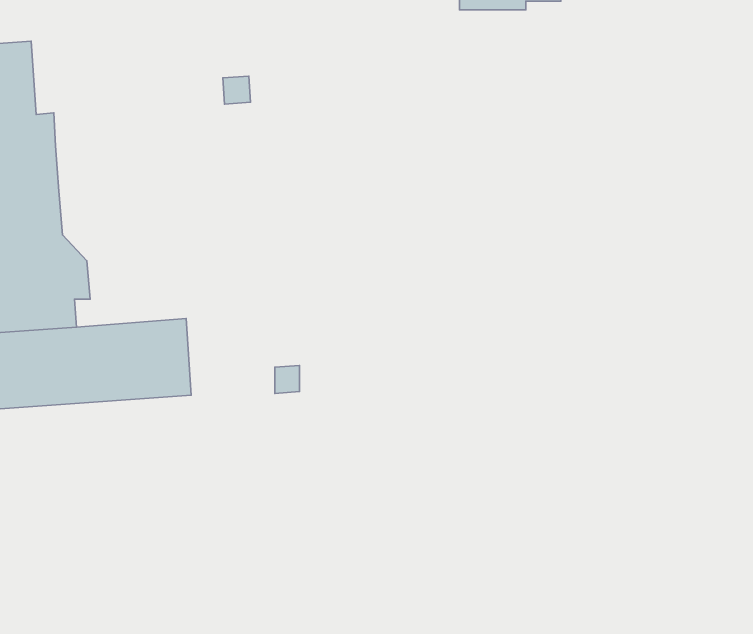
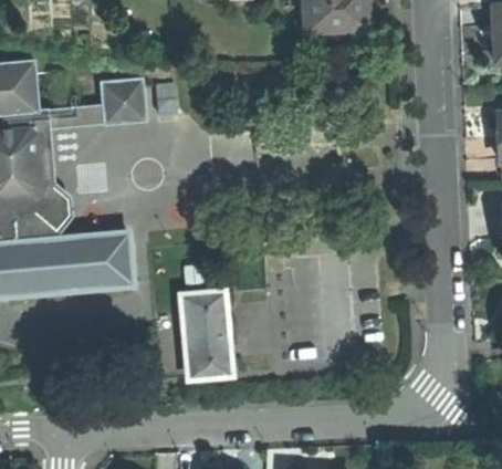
building: none -> [49,77,142,125]
building: none -> [185,291,232,374]

